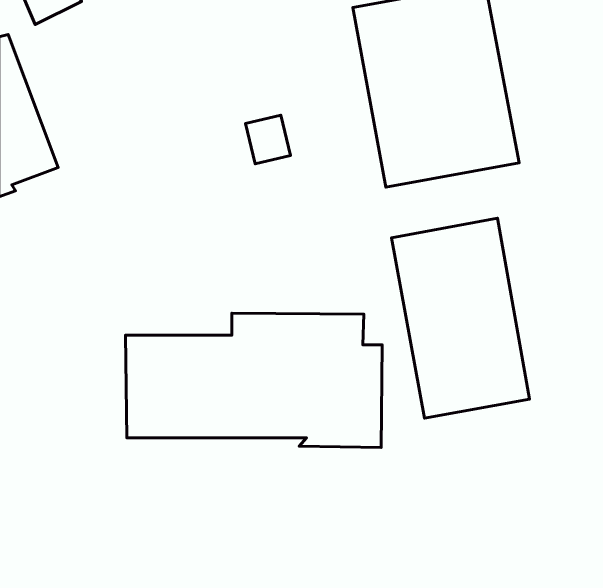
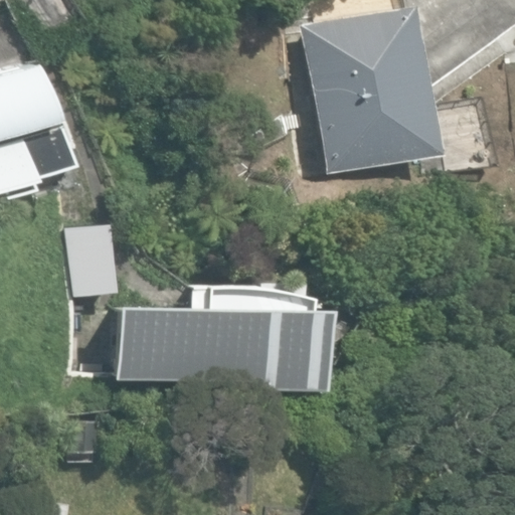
building: [391,218,530,418] -> none

